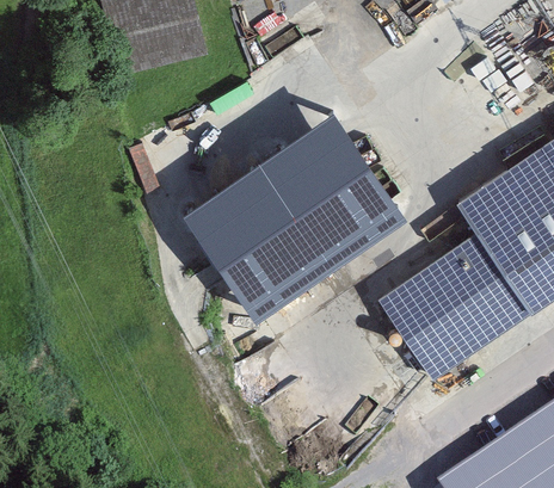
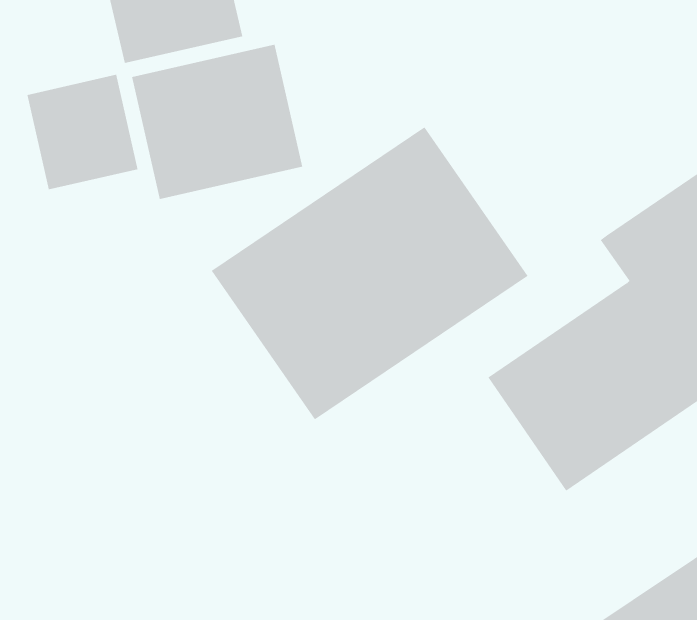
building: none -> [132,44,303,200]
building: none -> [27,74,138,190]

